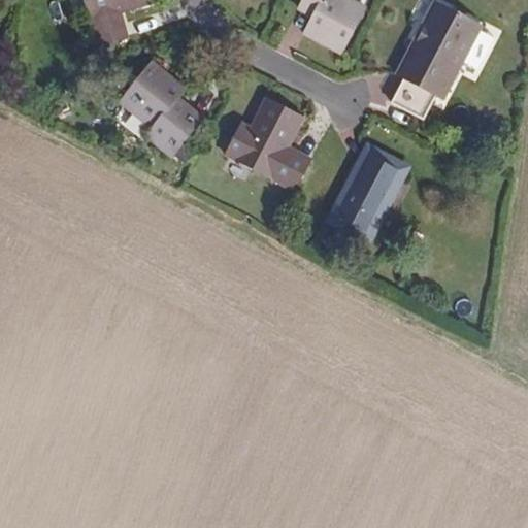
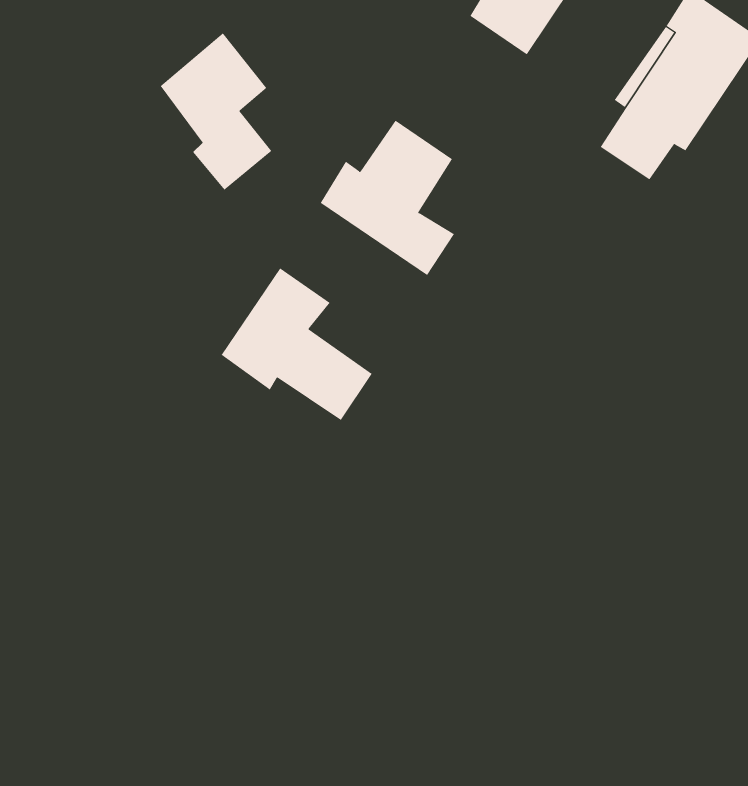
building: [333,150,406,237] -> none
building: none -> [221,268,372,421]

